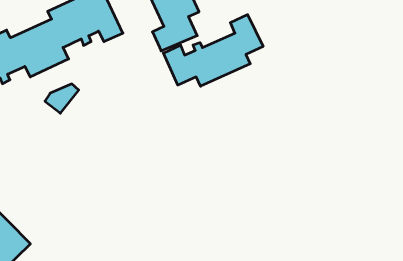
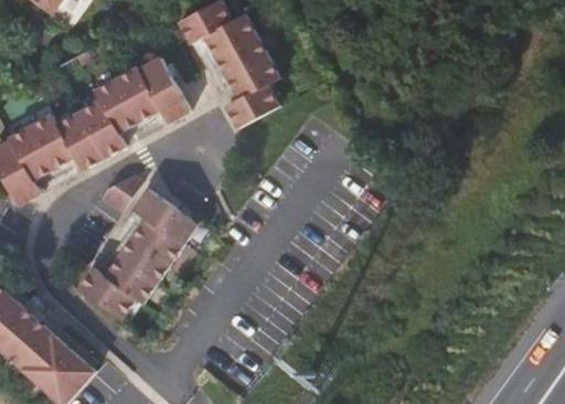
building: [163,15,263,86] -> none
building: none -> [78,188,198,318]

